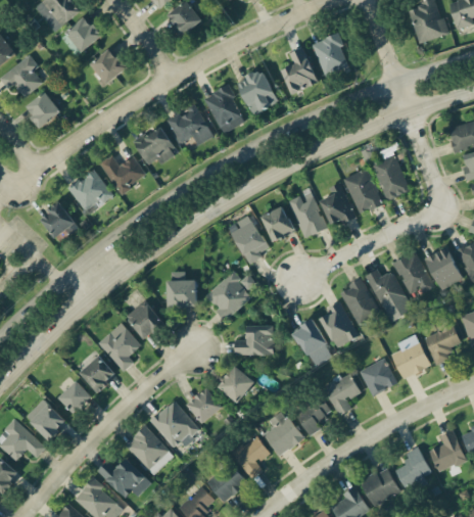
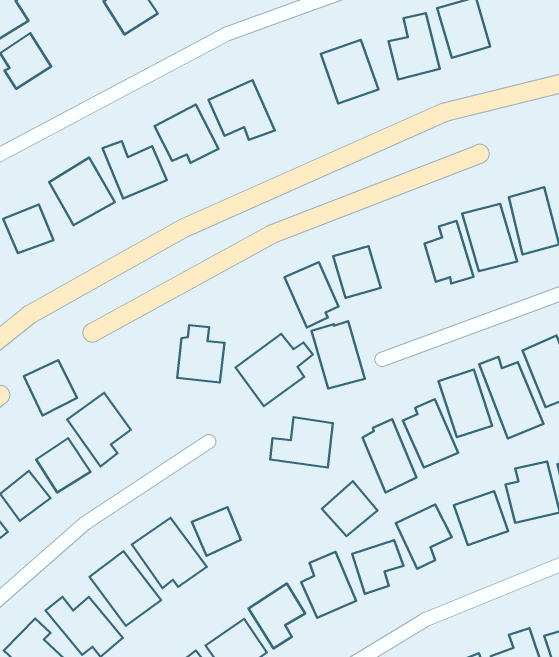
building: [204,86,246,134] -> none
building: [288,192,327,238] -> [311,321,365,389]
building: [127,301,163,339] -> [24,360,77,416]
building: [219,366,255,403] -> [322,481,377,536]

